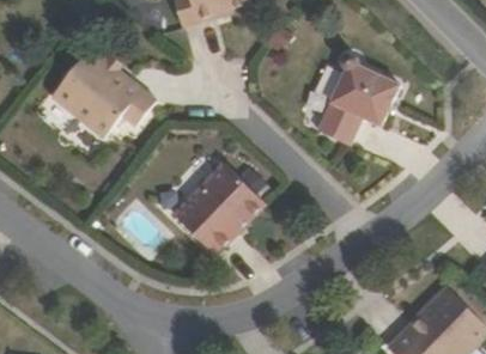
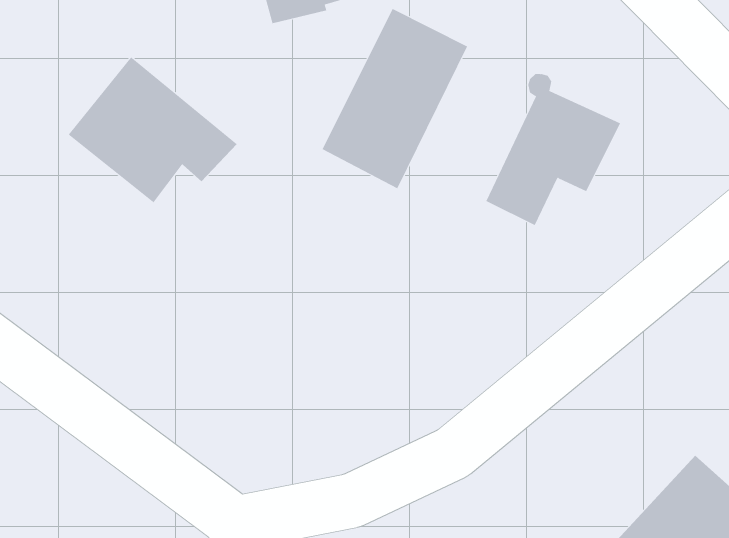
building: none -> [322,8,468,189]
building: [162,165,255,257] -> none

